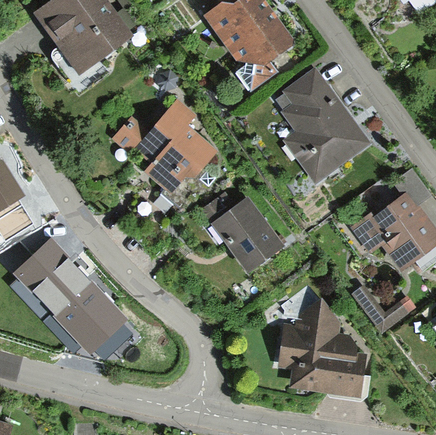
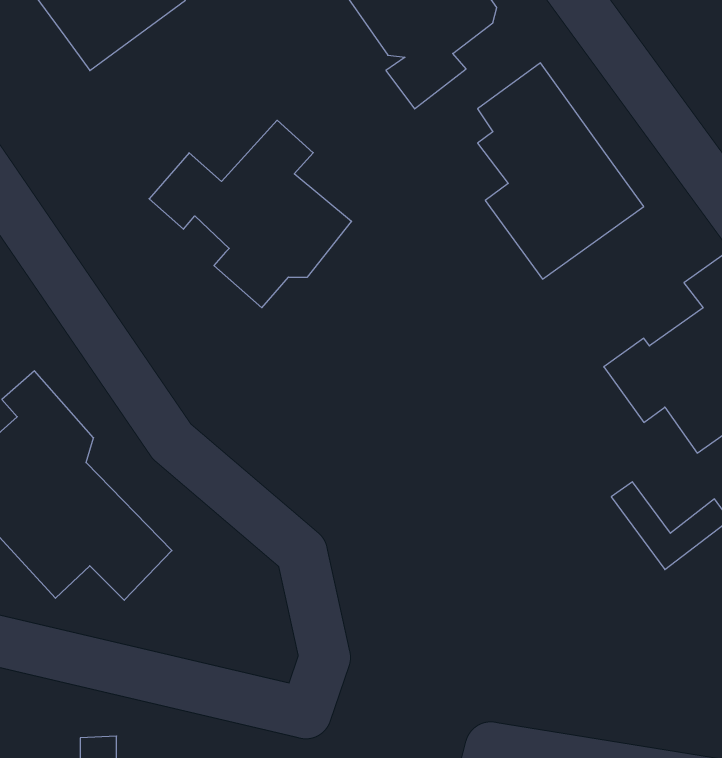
building: [201,192,285,274] -> none
building: [275,298,365,400] -> none

